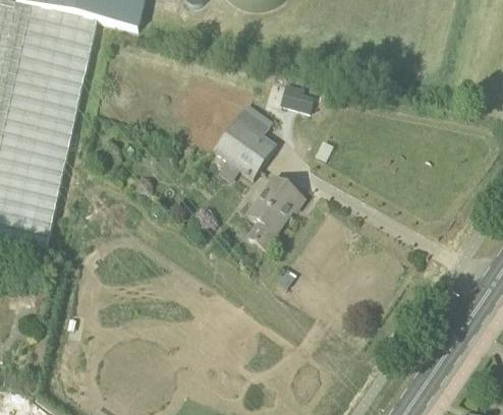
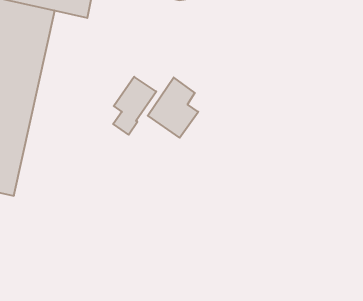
building: [280,80,313,110] -> none
building: [246,176,300,248] -> [113,77,156,135]

